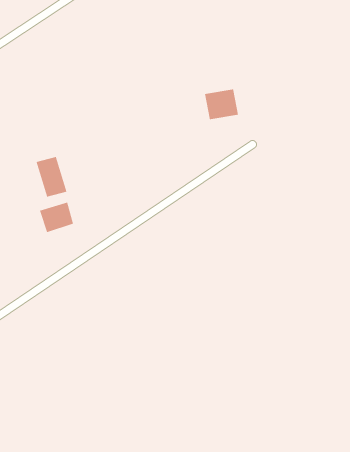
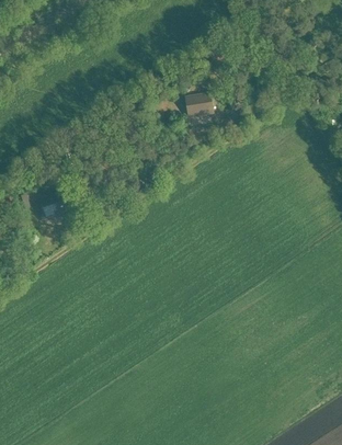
building: [36,156,67,197] -> none

